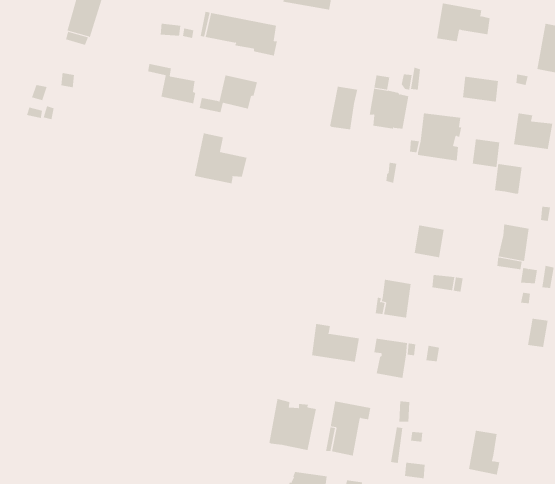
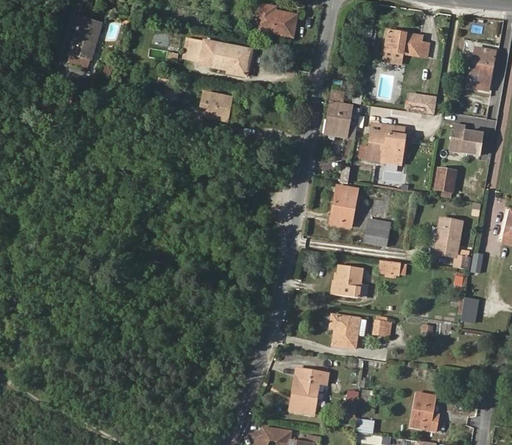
building: [148,63,196,104] -> none
building: [330,86,358,130] -> none
building: [194,133,247,184] -> none
building: [472,139,500,168] -> none
building: none -> [327,183,358,227]
building: [312,323,359,362] -> none
building: [269,398,317,451] -> none

